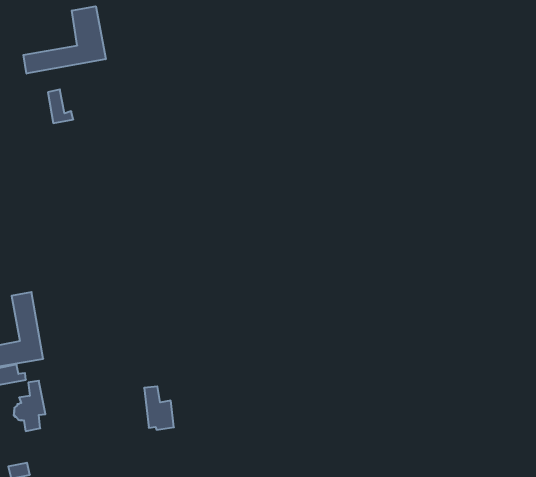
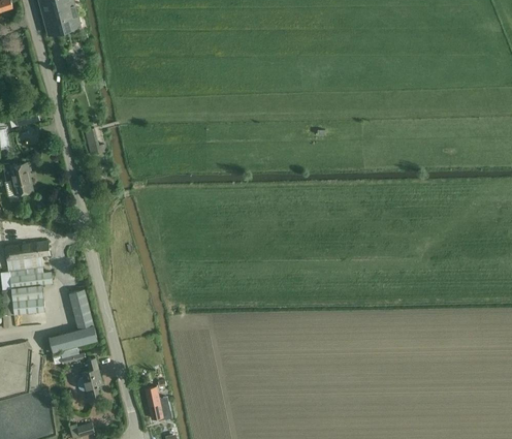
building: [23,6,106,74] -> none
building: [144,386,174,430] -> [146,387,171,421]

